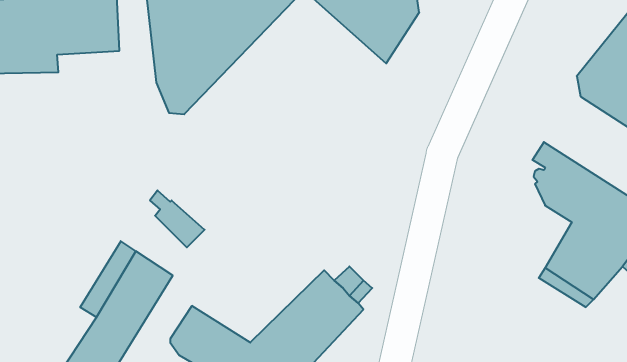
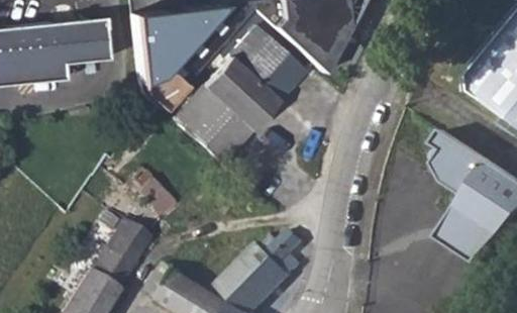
building: none -> [172,27,308,166]

